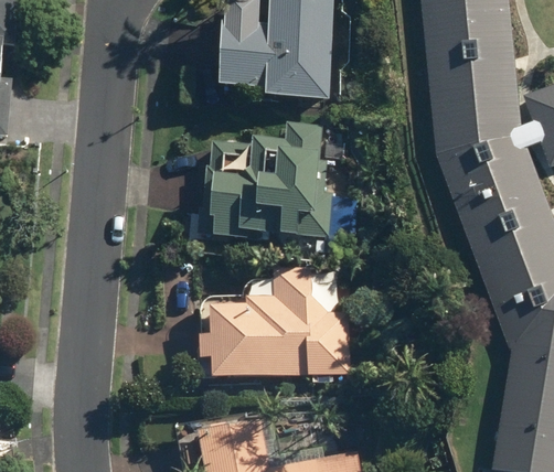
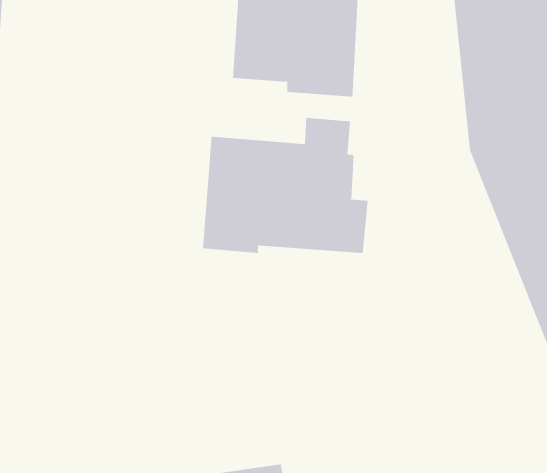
building: [202,257,354,383] -> none

